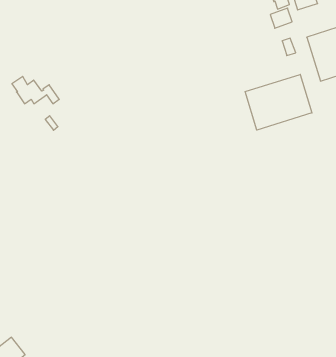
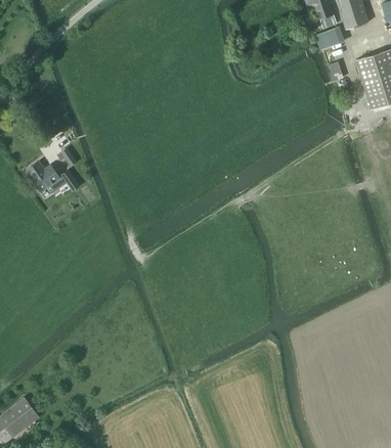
building: [245,74,312,130] -> none
building: [12,76,59,104] -> [27,160,80,190]

